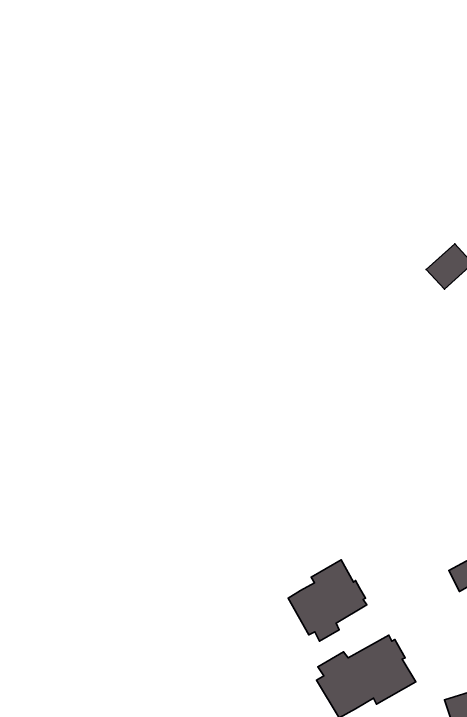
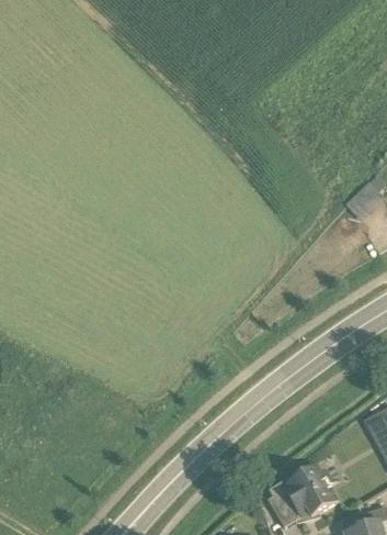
building: [288,560,367,641] -> none

